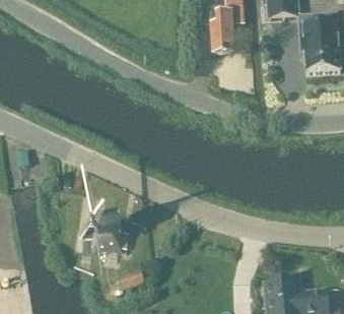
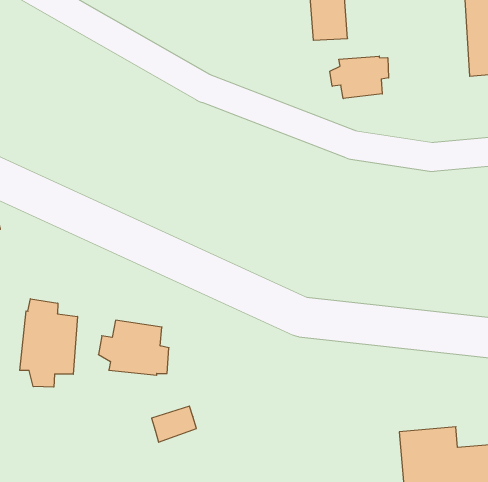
building: none -> [330,56,389,99]
building: none -> [20,299,77,387]

